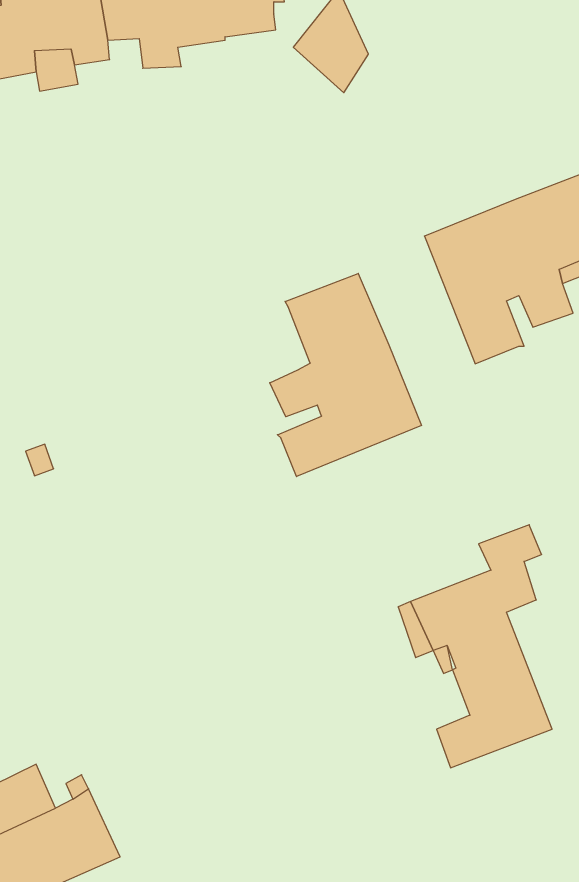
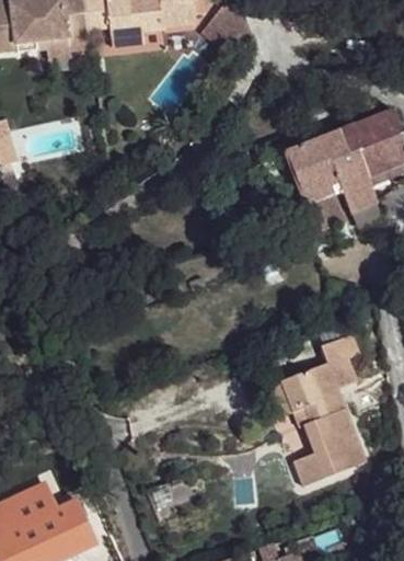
building: [270,273,421,477] -> none

